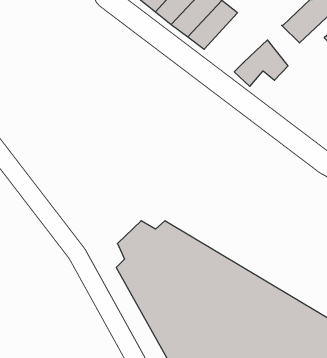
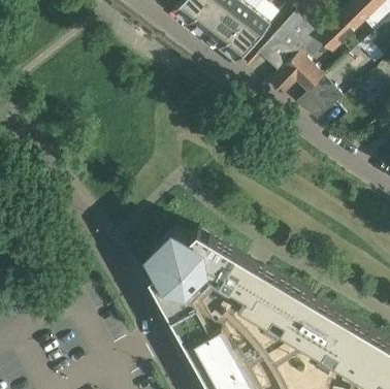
building: none -> [258,15,316,73]
building: none -> [296,78,343,123]

